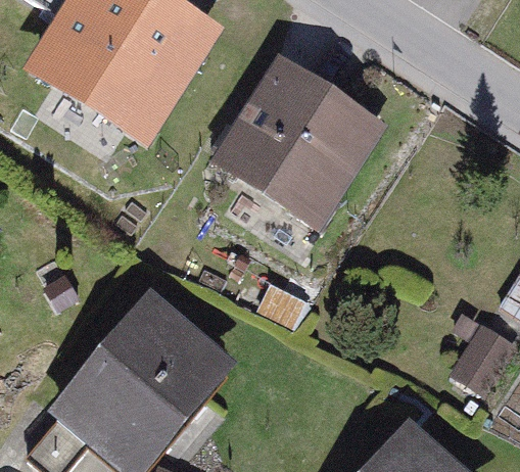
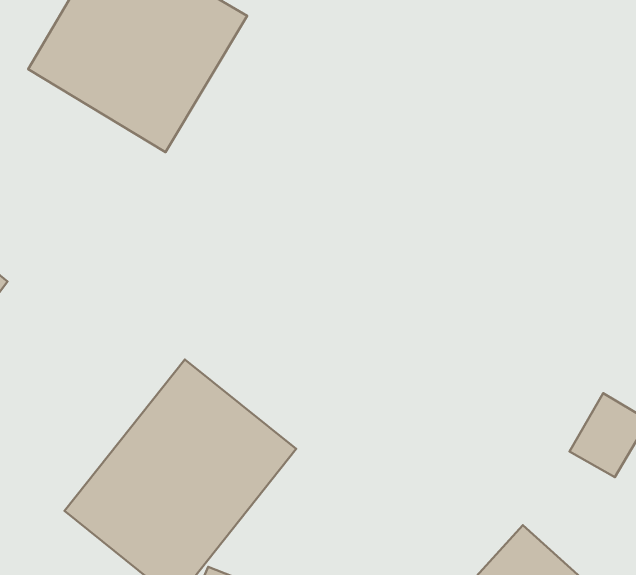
building: [192,64,368,238] -> none

